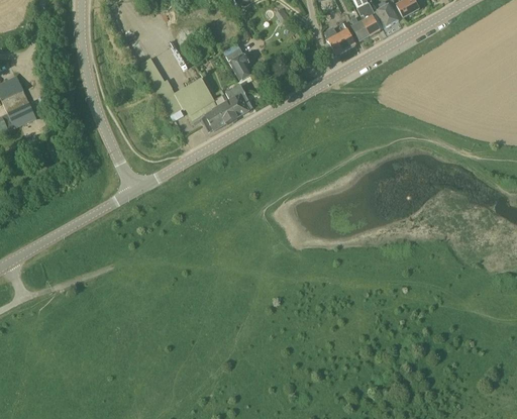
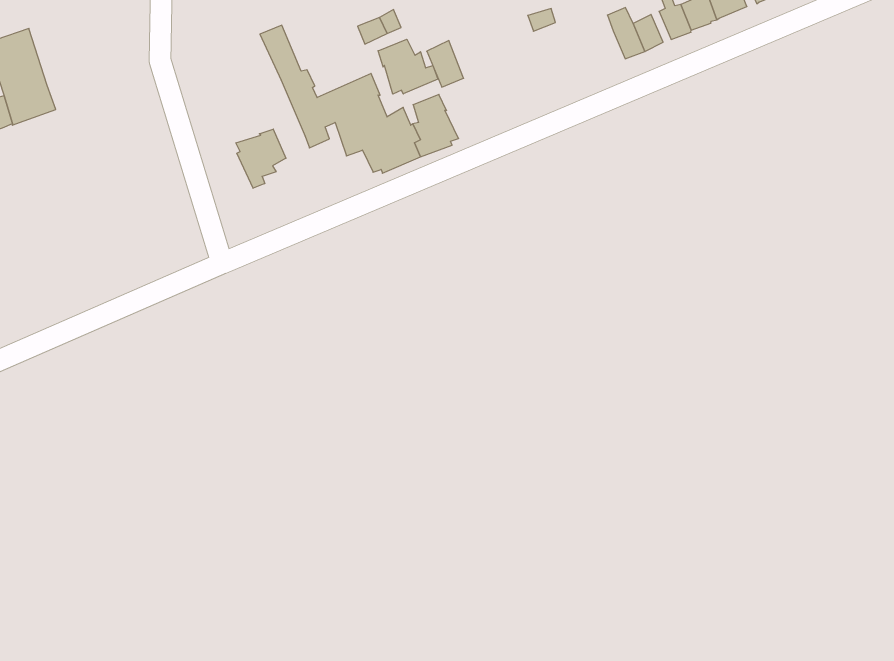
building: none -> [378,39,438,94]
building: none -> [236,129,286,188]

